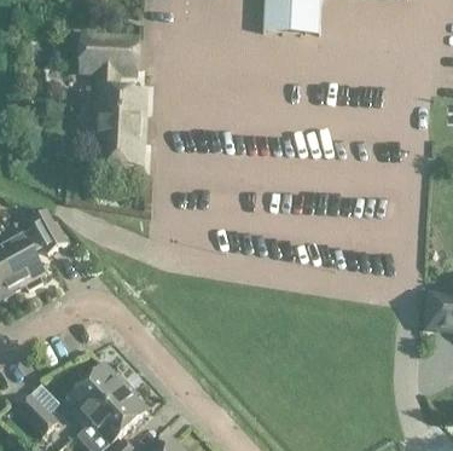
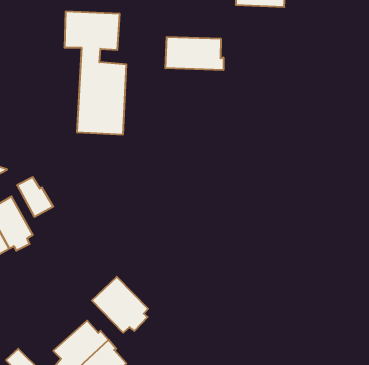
building: none -> [166,37,223,70]
building: none -> [92,277,148,333]

